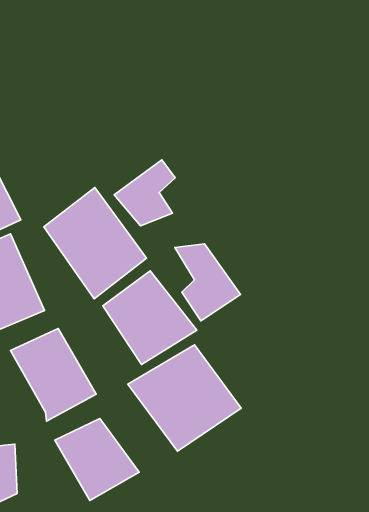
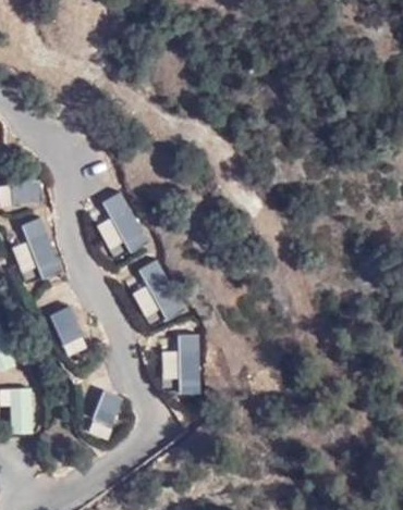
building: [114,160,175,226] -> none
building: [175,244,241,321] -> none

